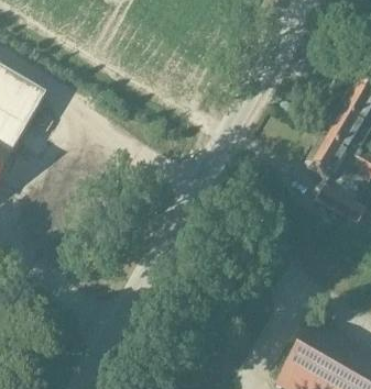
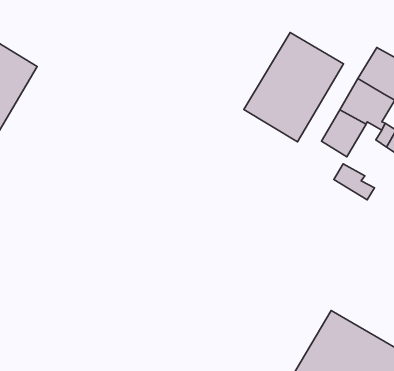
building: none -> [244,33,344,142]

